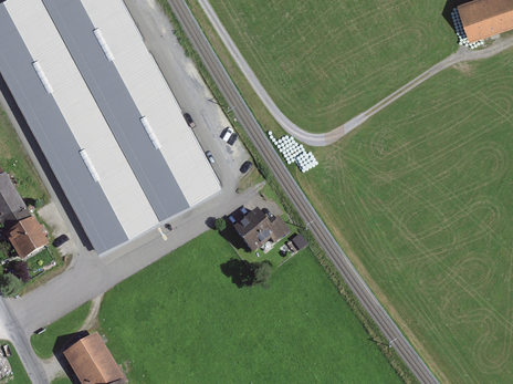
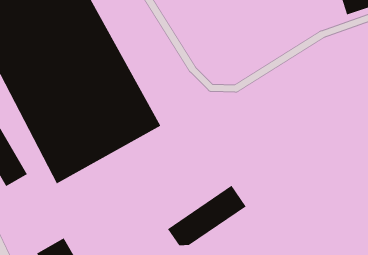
building: [231,208,281,258] -> none
building: none -> [167,185,247,246]

